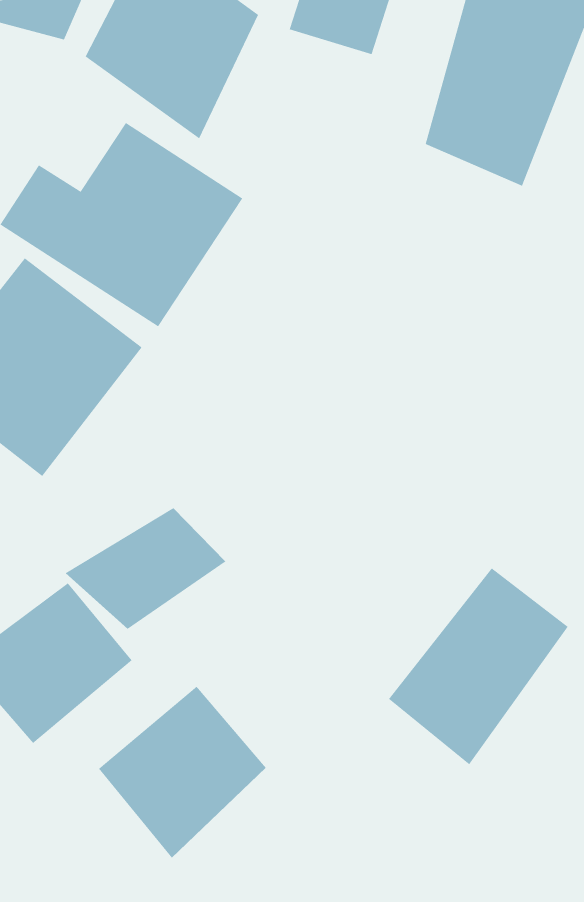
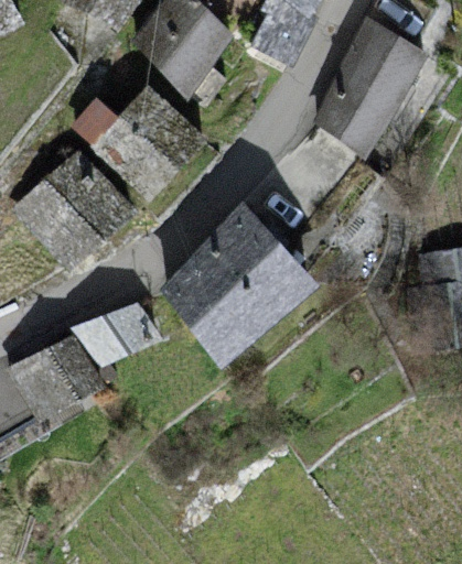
building: none -> [159,199,319,367]
building: [388,567,569,765] -> none
building: [98,686,266,858] -> none

